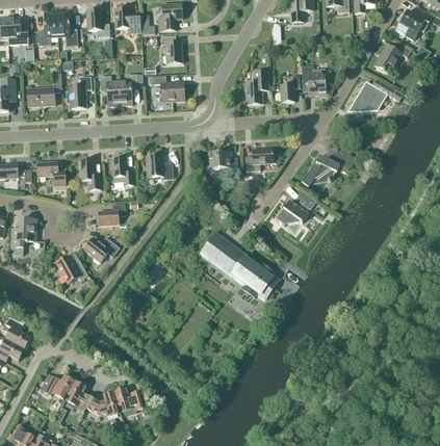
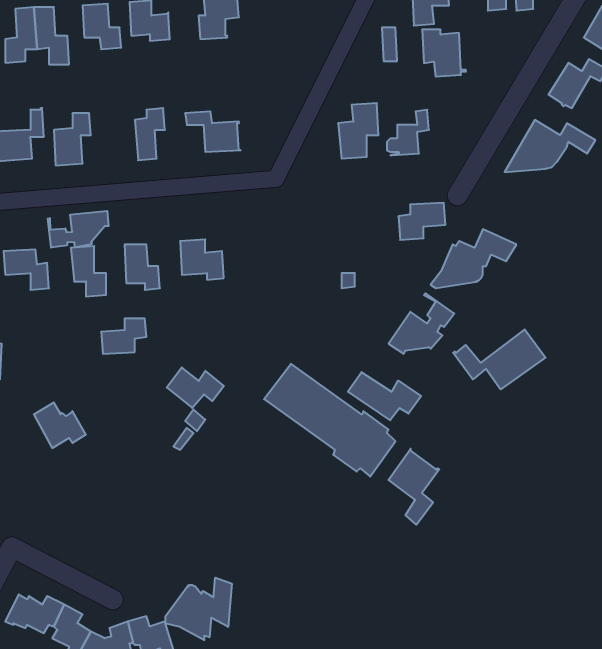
building: [161,36,182,63] -> none
building: [302,65,329,95] -> [422,30,466,77]
building: [100,76,121,106] -> none
building: none -> [48,211,109,248]
building: [244,149,274,172] -> [398,203,445,240]
building: [206,152,238,174] -> none
building: none -> [453,329,546,389]
building: none -> [348,372,421,420]
building: [84,237,120,262] -> [167,367,224,408]
building: none -> [388,449,439,525]
building: none -> [165,578,232,640]

